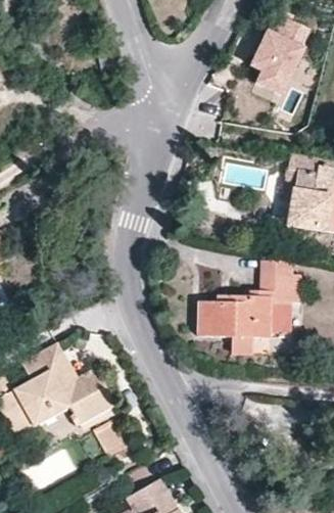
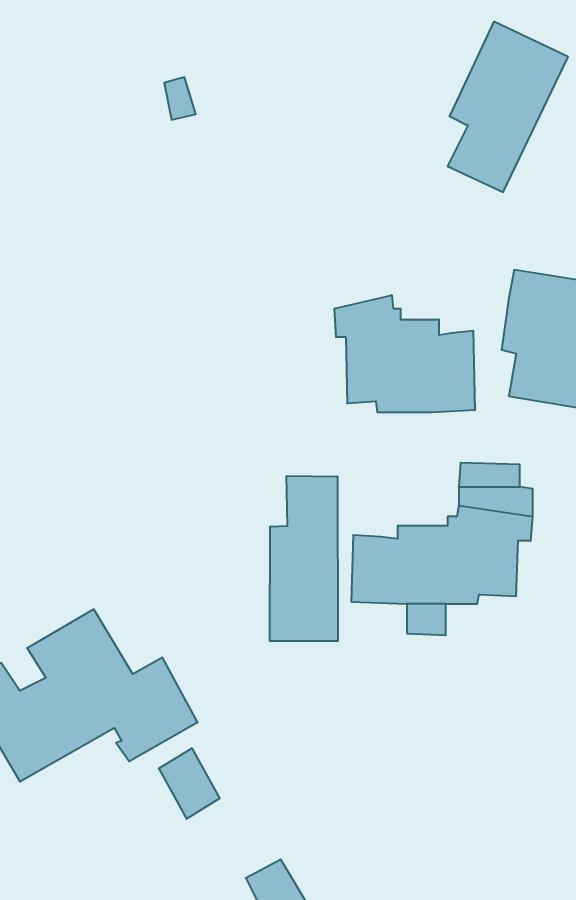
building: none -> [335,295,475,412]
building: none -> [270,476,338,641]

